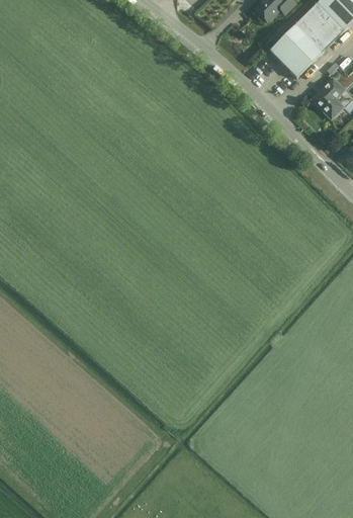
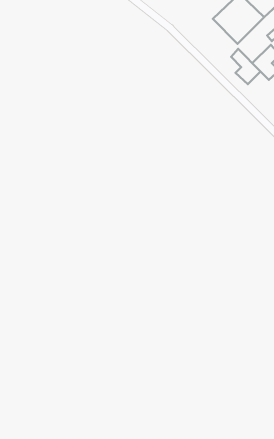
building: none -> [231,49,260,84]

